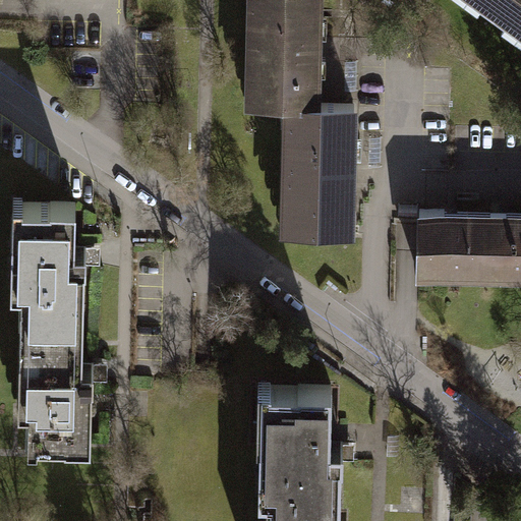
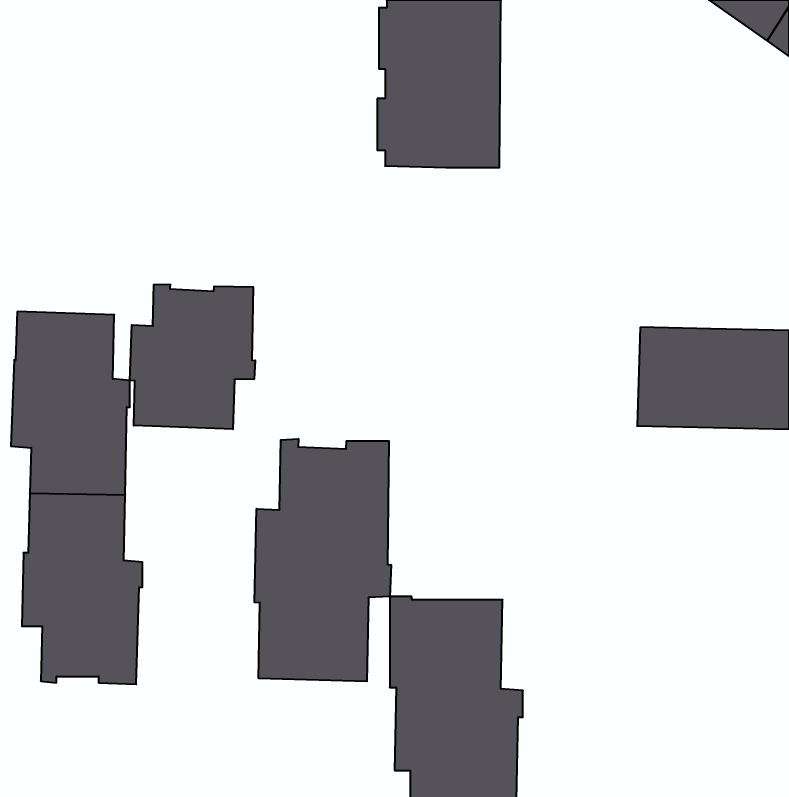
building: [283,111,361,239] -> none
building: none -> [130,284,255,429]
building: none -> [255,439,391,681]

